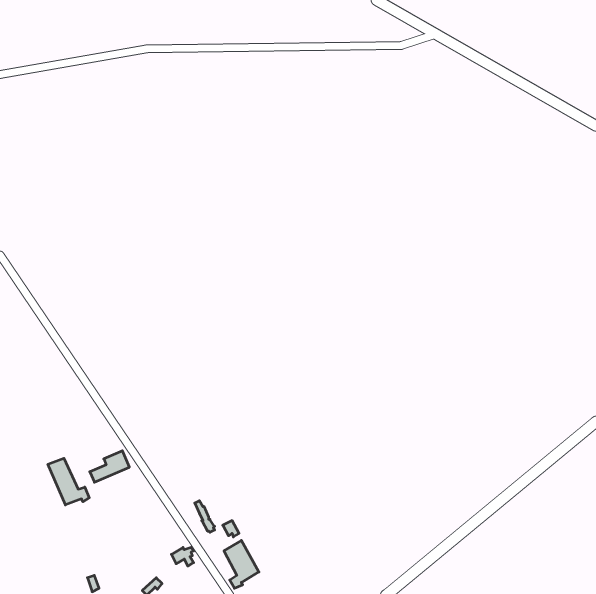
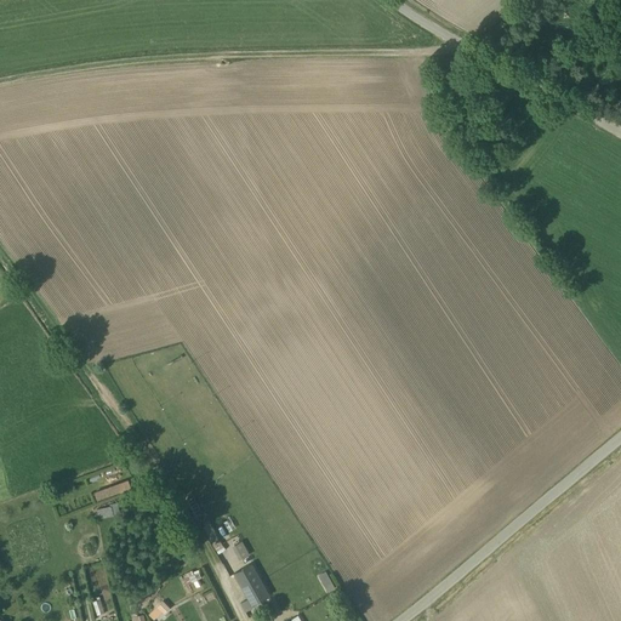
building: [48,458,89,505] -> none

